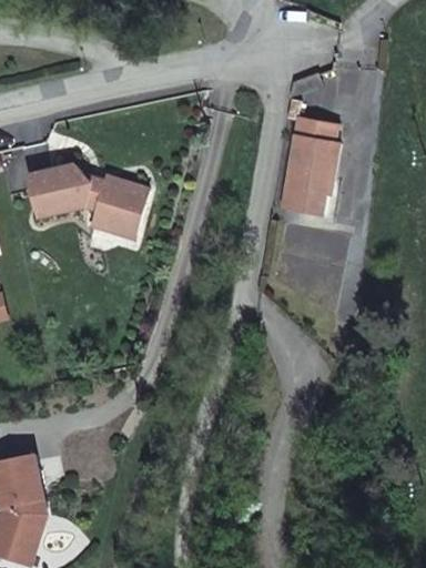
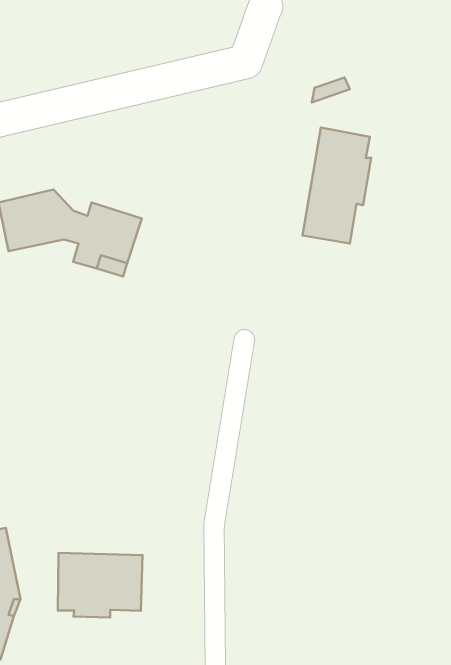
building: none -> [58,553,143,618]

